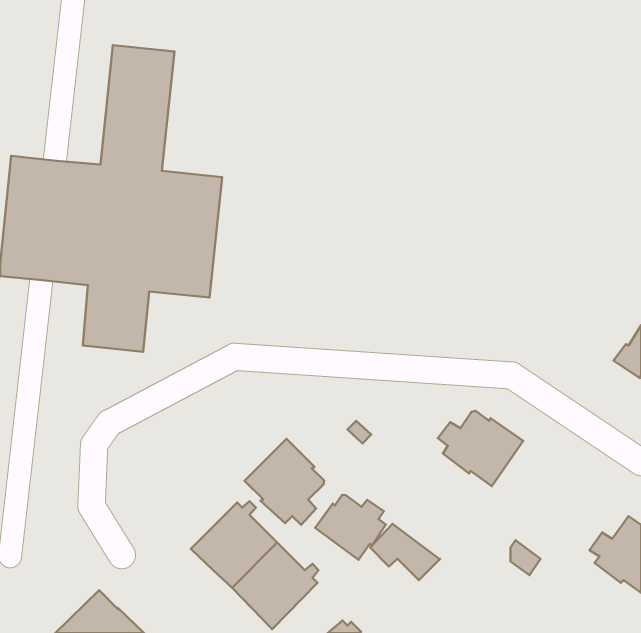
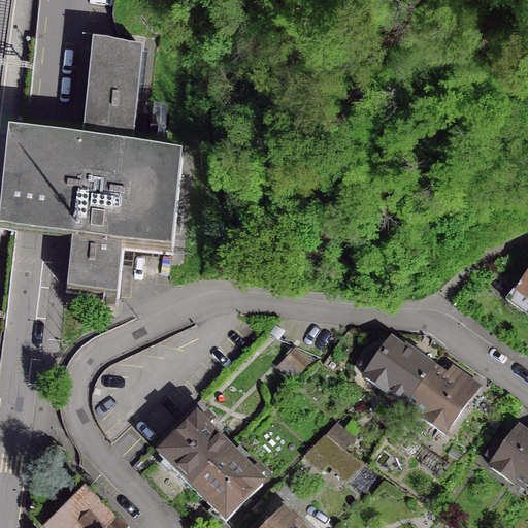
building: [245,439,324,525] -> none
building: none -> [404,362,475,429]
building: [315,495,386,560] -> none

